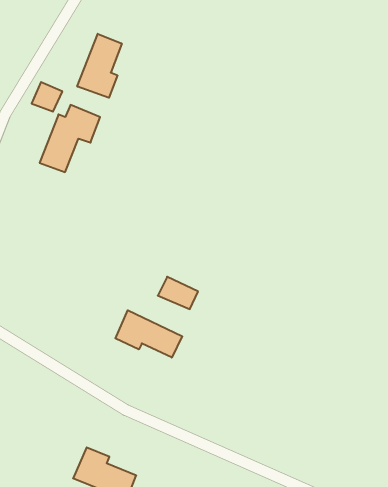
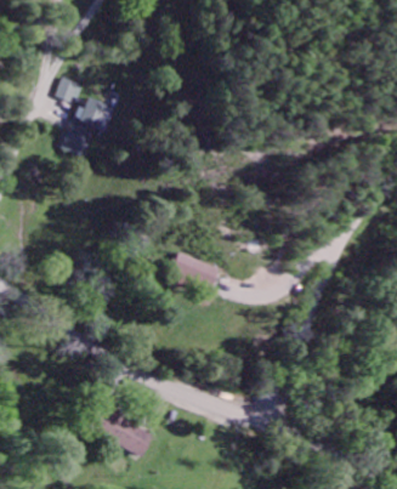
building: [77,34,122,98] -> none
building: [115,310,182,358] -> none

